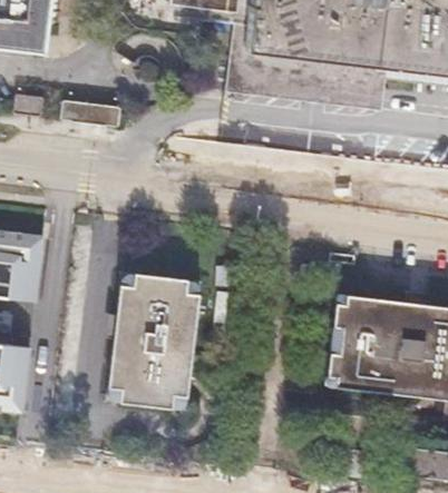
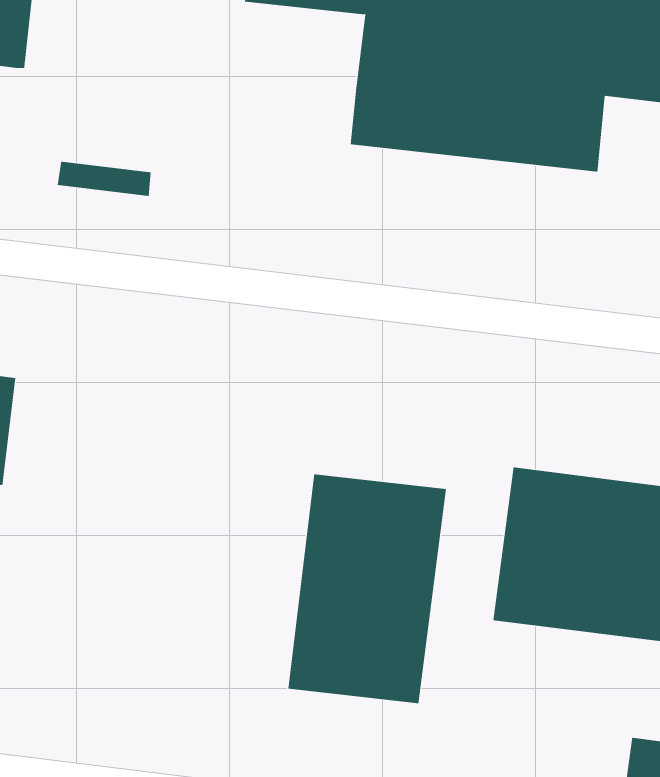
building: [107,276,203,414] -> [287,474,447,704]

